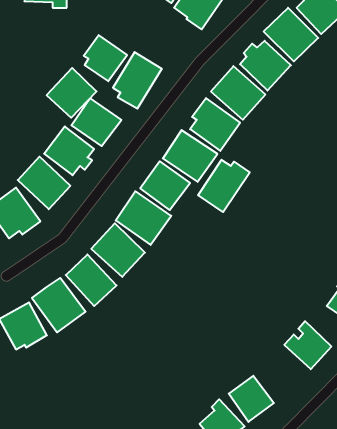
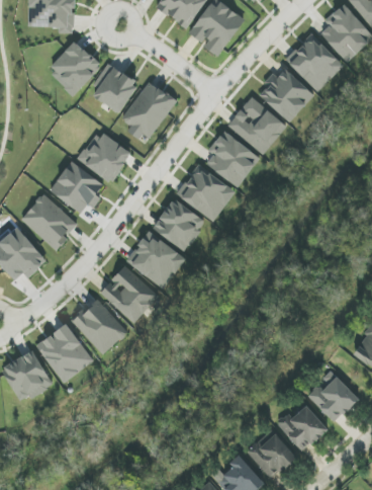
building: [47,68,97,118] -> [48,40,101,94]
building: [198,160,250,212] -> none
building: none -> [275,405,329,452]

